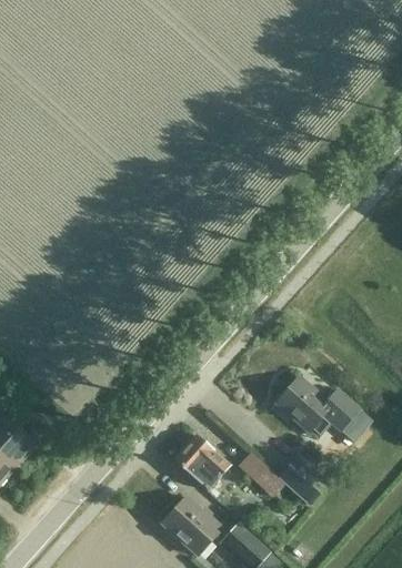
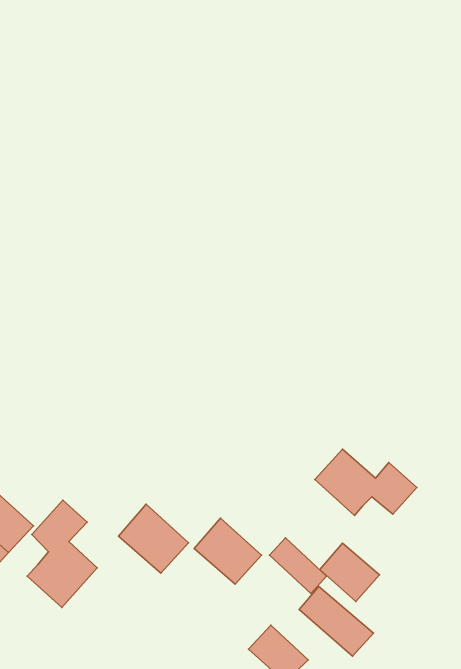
building: none -> [27,500,97,608]
building: none -> [299,586,373,656]
building: [163,497,222,555] -> [118,504,189,573]

